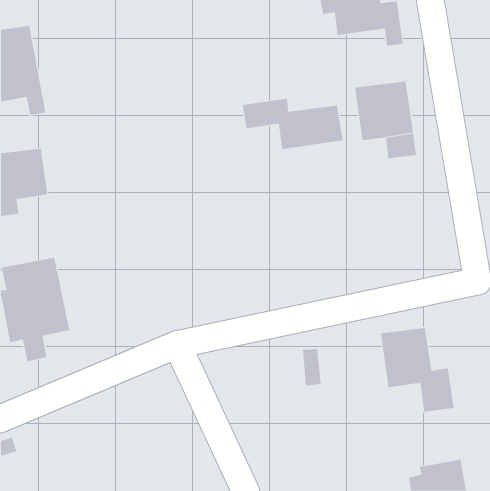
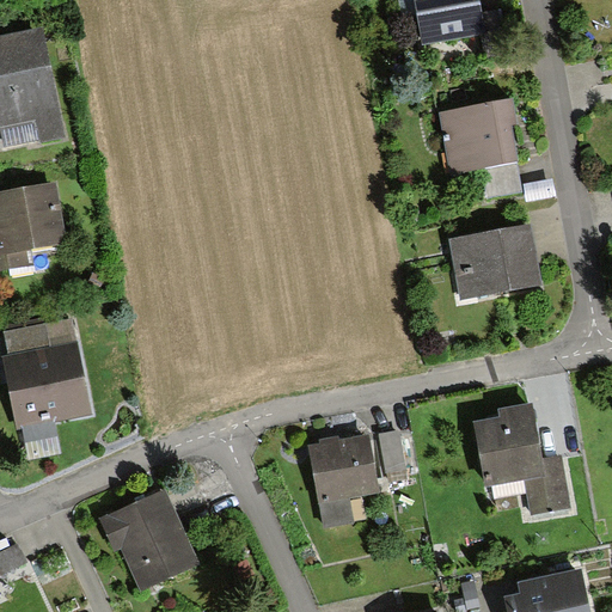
building: [242,98,343,150] -> none
building: none -> [452,225,538,298]
building: none -> [312,433,374,522]
building: none -> [105,492,194,588]

